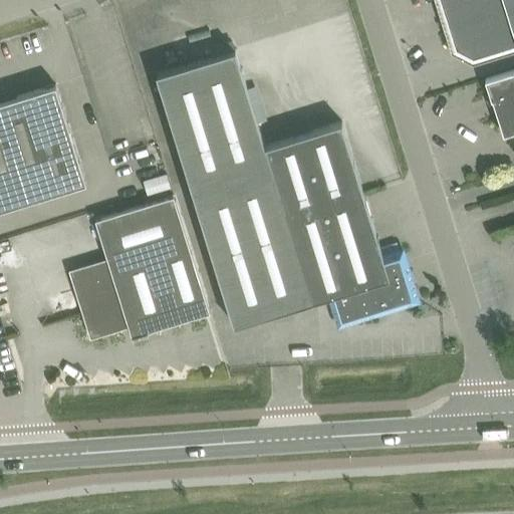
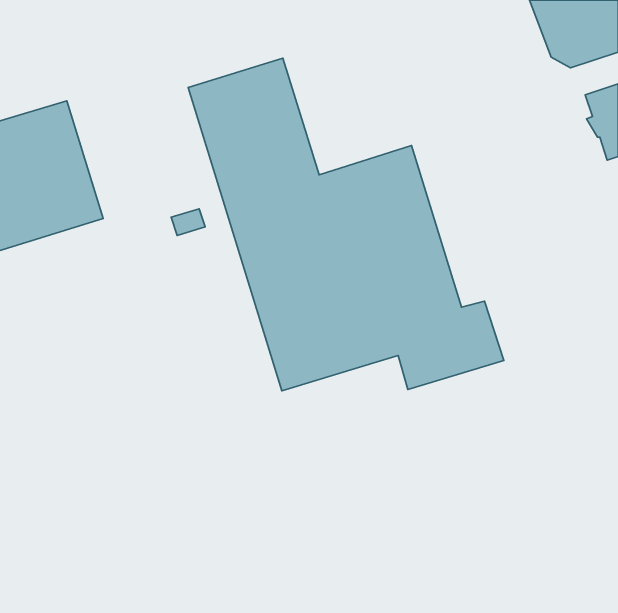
building: [68,199,209,342] -> none

